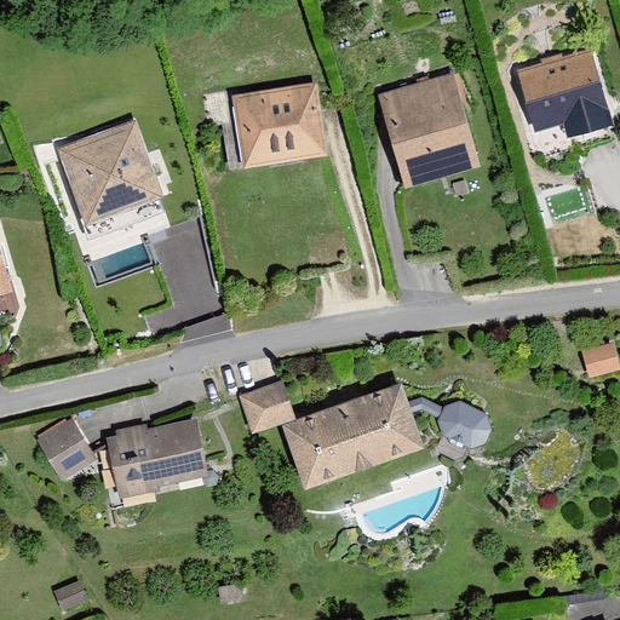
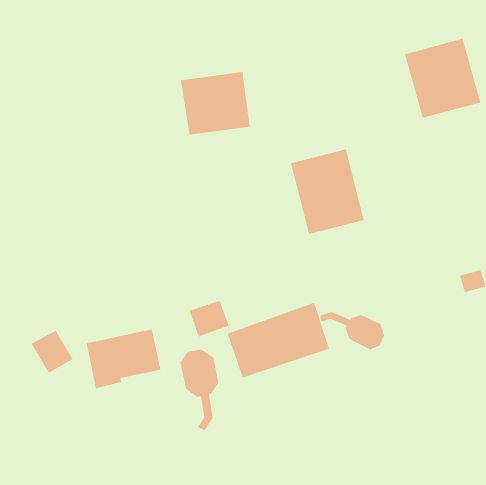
building: [377,80,471,189] -> [290,149,365,234]
building: [57,117,163,222] -> none
building: none -> [180,349,219,431]

